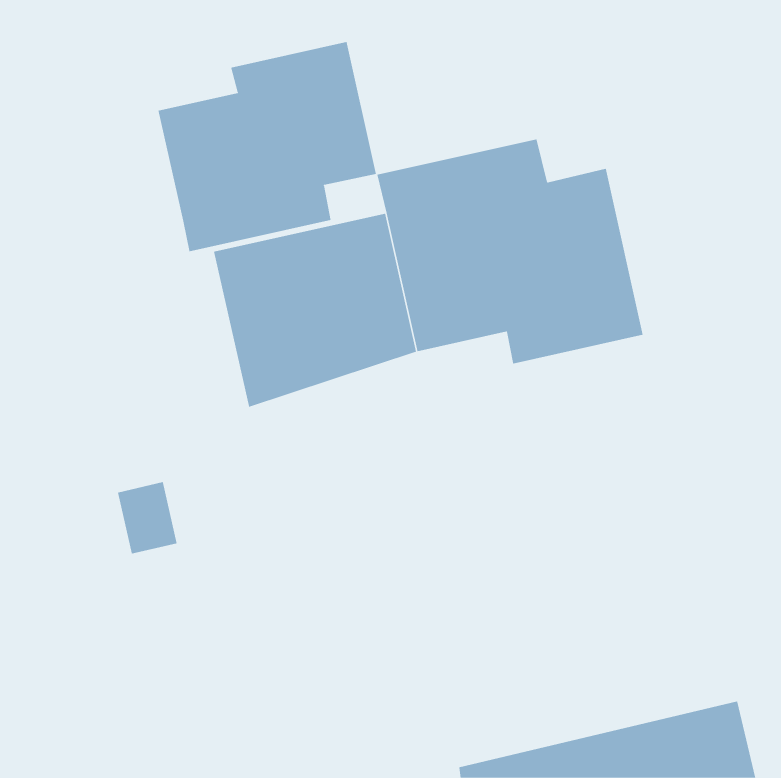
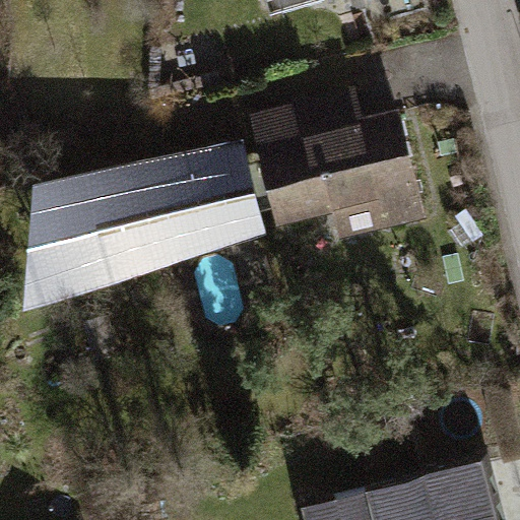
building: [158,41,377,252] -> none
building: none -> [21,166,164,314]

